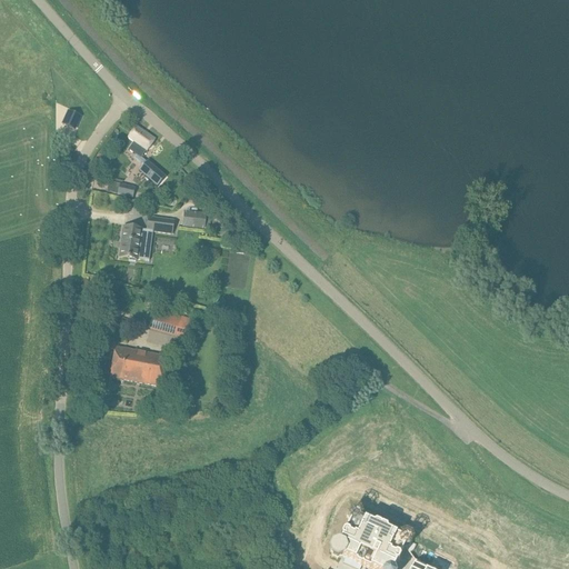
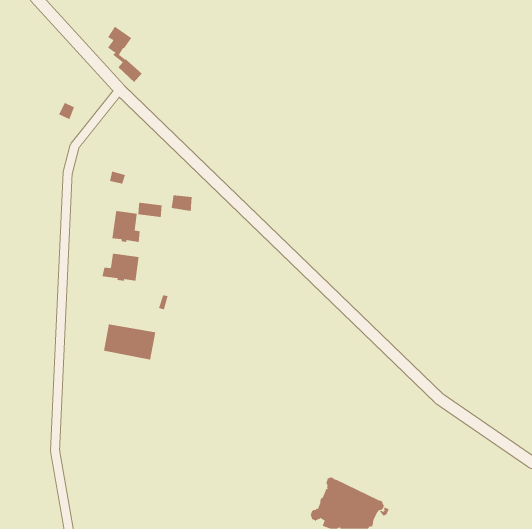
building: [128,123,166,184] -> [107,26,143,83]
building: none -> [102,253,139,282]

